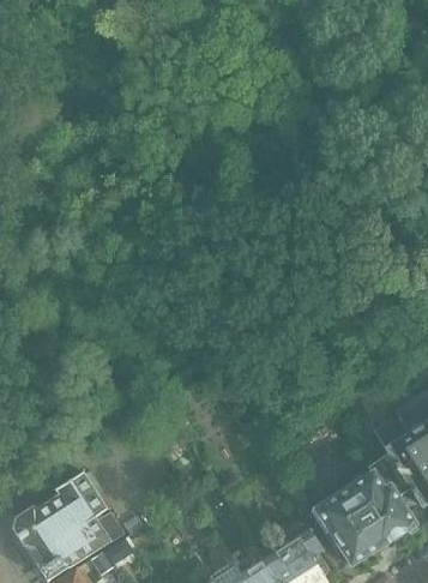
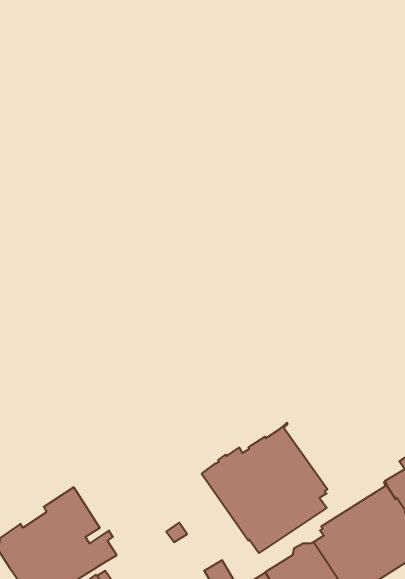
building: none -> [202,423,327,553]

